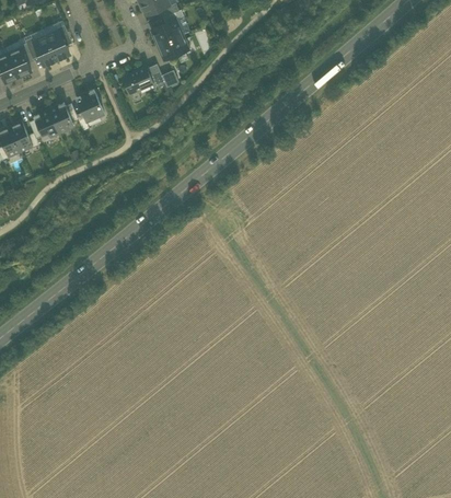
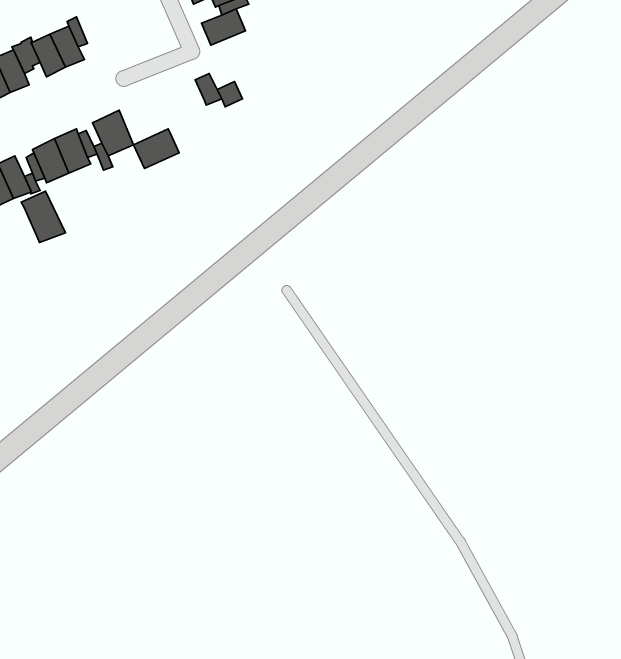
building: [157,35,187,60] -> none
building: [120,67,152,94] -> [133,129,179,169]
building: none -> [21,191,65,243]

